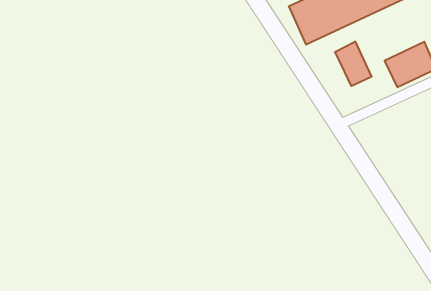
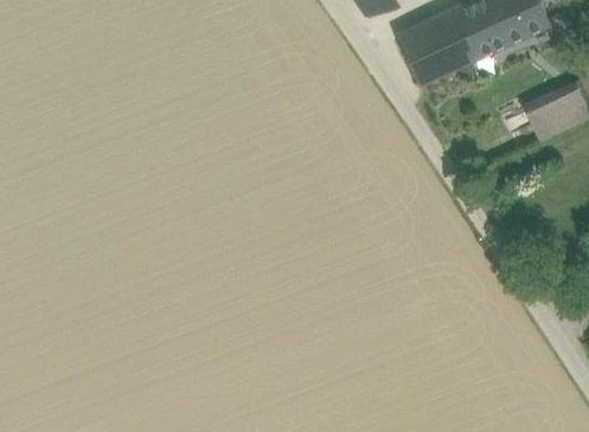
building: [335,41,372,86] -> none

